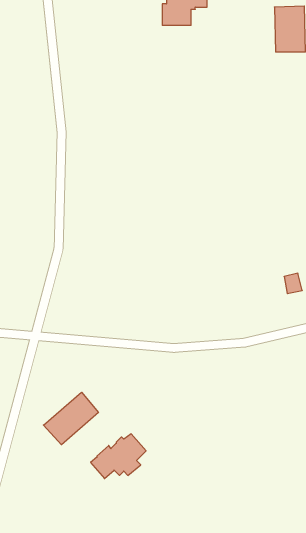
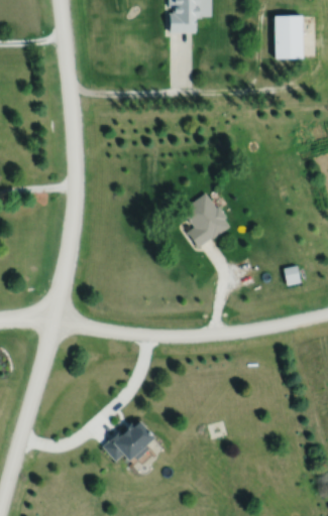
building: none -> [181,192,230,248]
building: [43,392,98,445] -> none

